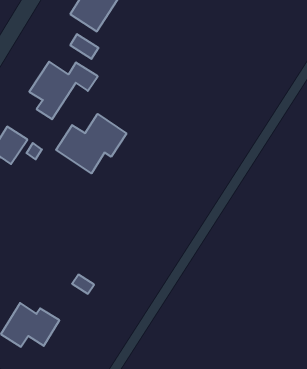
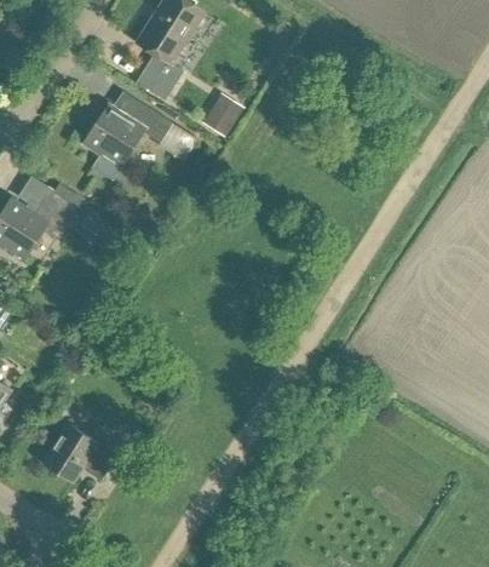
building: none -> [205,92,243,134]
building: [56,114,126,173] -> none

